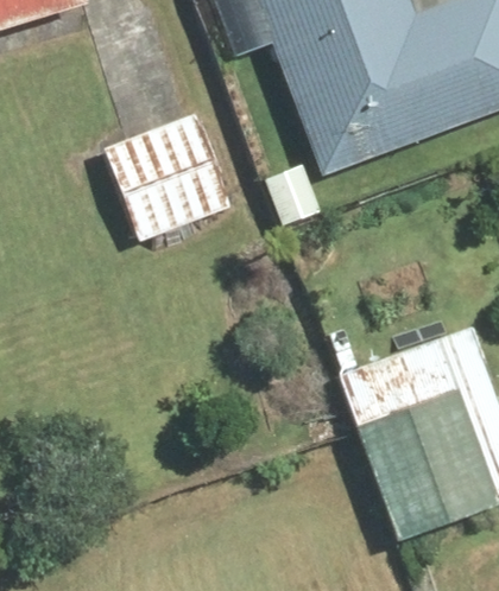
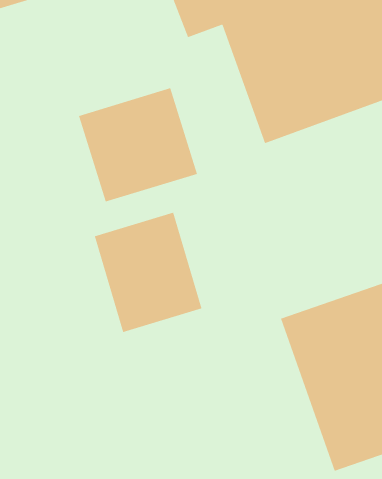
building: none -> [94,212,202,333]

